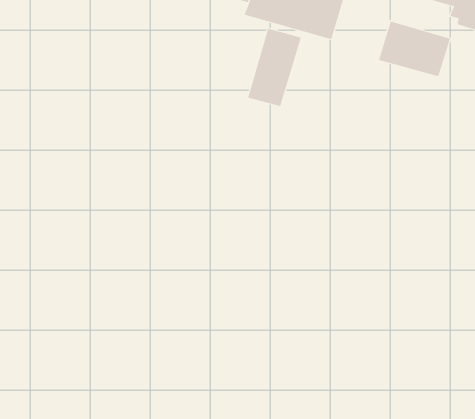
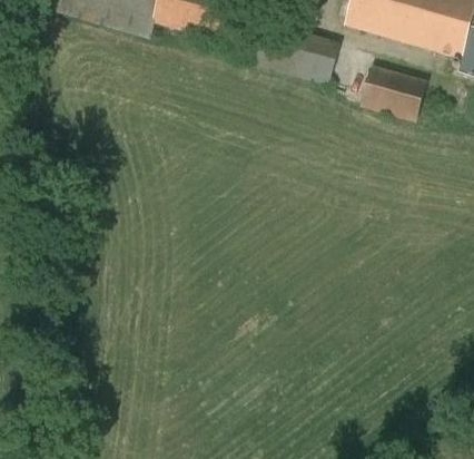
building: [248,28,301,107] -> none

